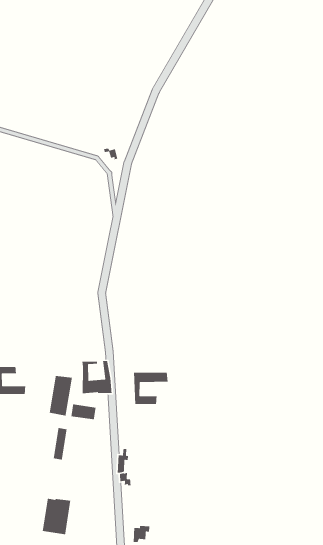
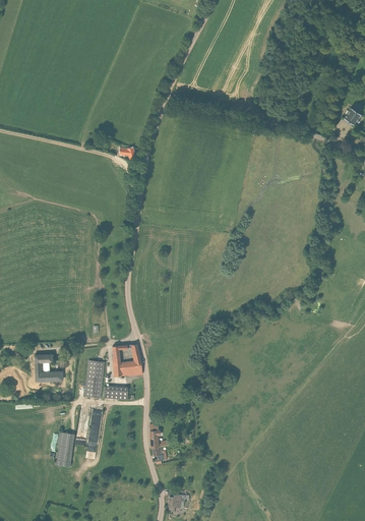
building: [133,372,168,405] -> none
building: [42,498,71,535] -> [49,431,74,465]

